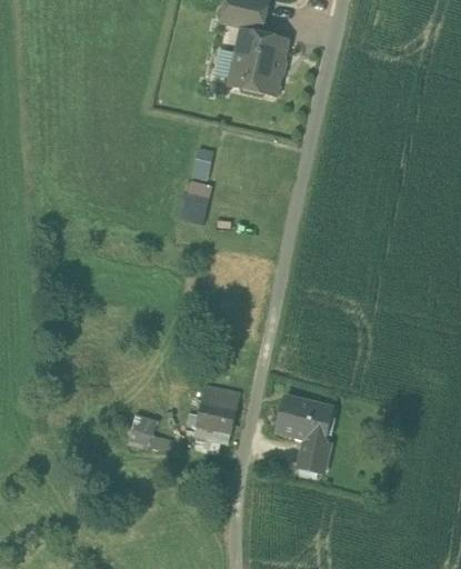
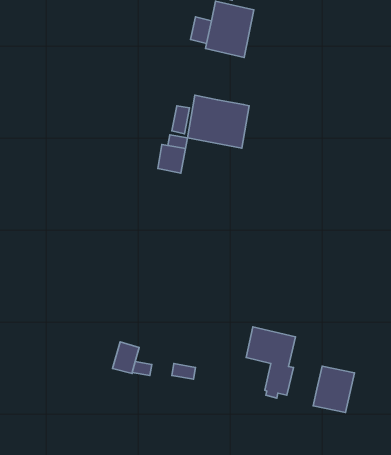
building: none -> [188,95,249,148]
building: [196,386,240,432] -> none
building: none -> [313,366,355,412]

